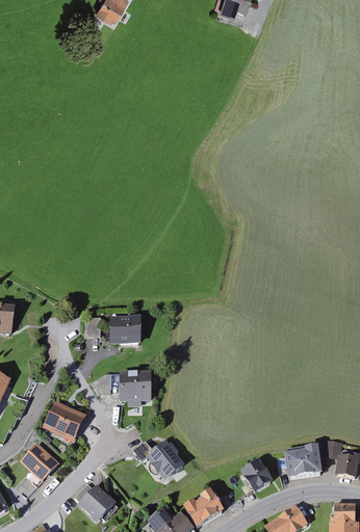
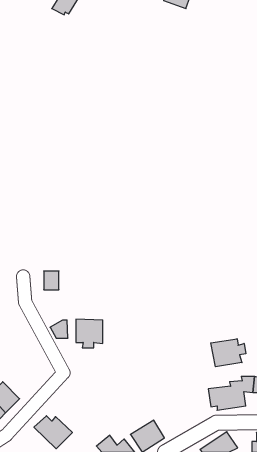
building: [111,315,144,342] -> none
building: none -> [211,339,246,367]
building: [43,400,88,441] -> none
building: [130,438,183,479] -> none
building: [231,459,276,493] -> none

